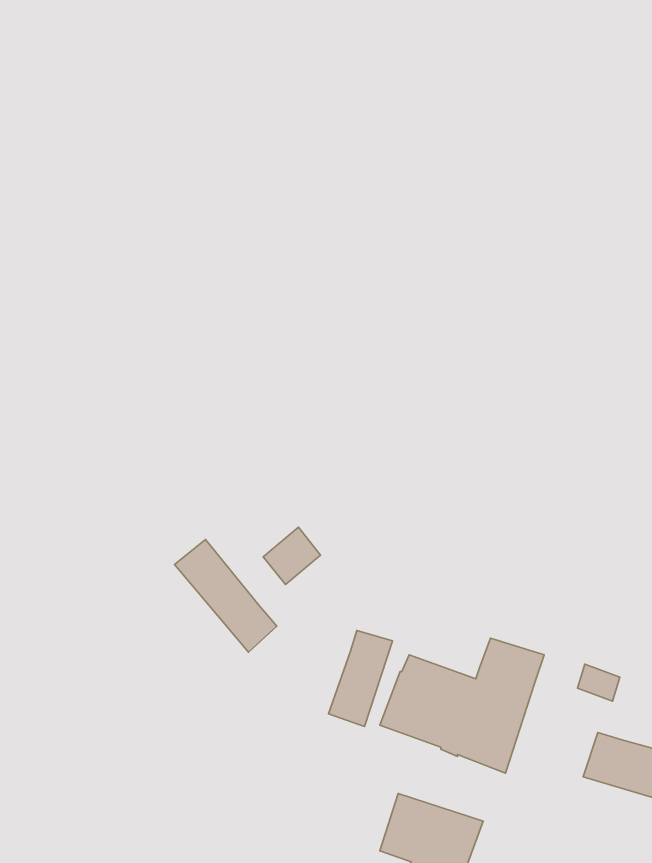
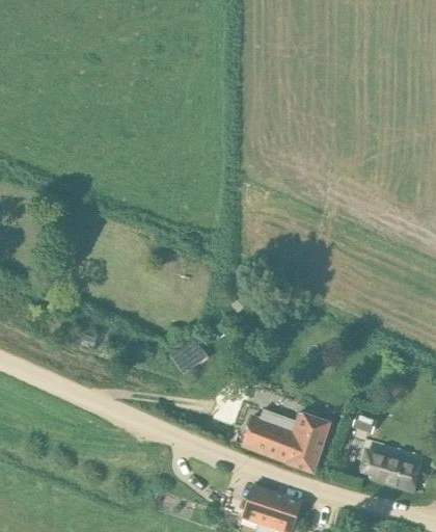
building: [175,540,277,652] -> none
building: [329,631,393,726] -> none

